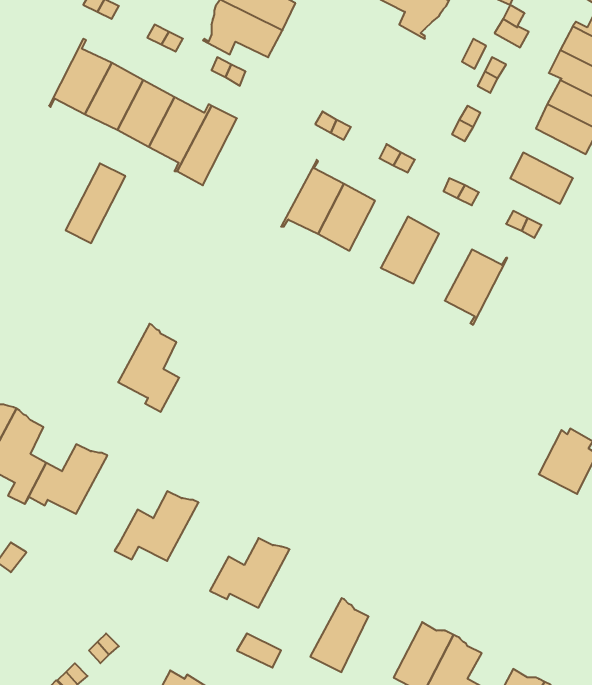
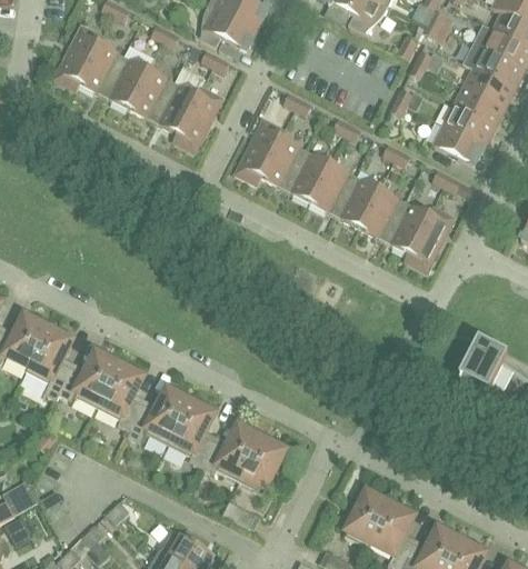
building: none -> [445,104,494,143]
building: none -> [236,118,283,181]
building: [66,163,125,243] -> [54,24,101,87]
building: none -> [309,161,355,213]
building: none -> [359,187,405,239]
building: none -> [406,206,452,268]
building: [118,324,179,412] -> [96,360,143,429]
building: none -> [167,397,215,466]
building: [310,598,369,672] -> [238,433,283,491]

